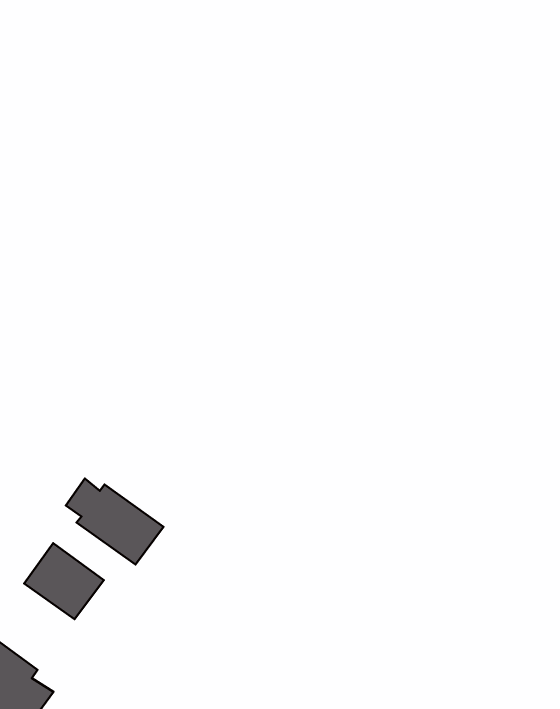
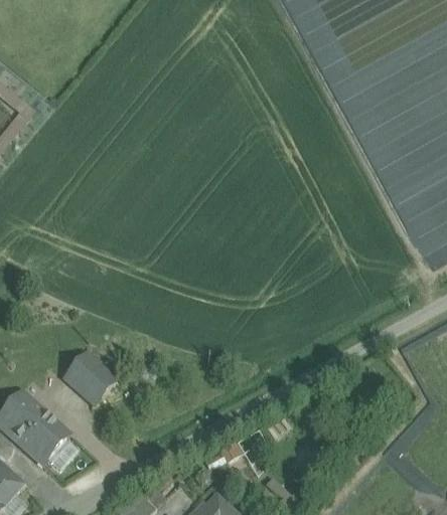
building: [66,478,163,565] -> none

